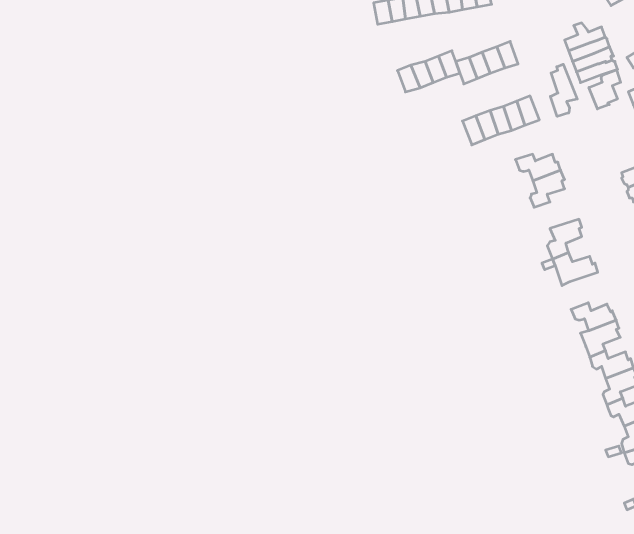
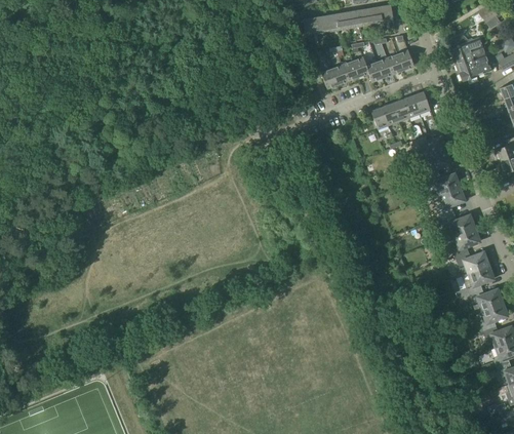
building: [550,64,577,116] -> none
building: [589,70,621,109] -> none
building: none -> [428,172,463,193]
building: none -> [453,227,480,255]

